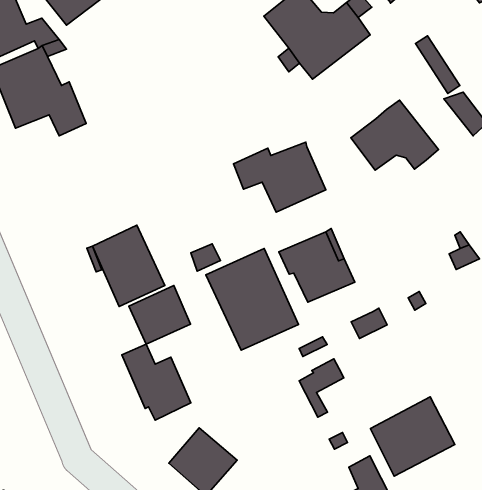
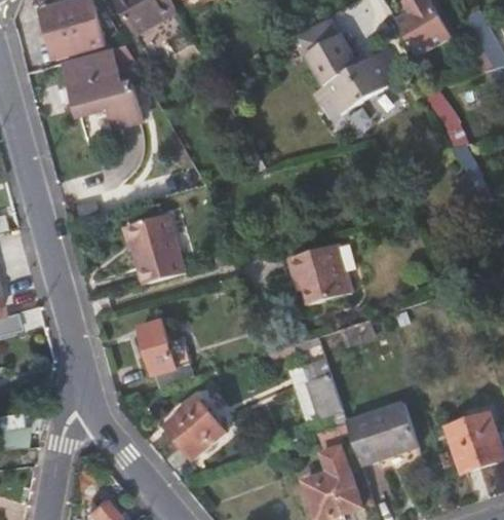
building: [351,100,438,170] -> none
building: [233,142,326,212] -> none
building: [206,248,299,350] -> none
building: [129,285,191,344] -> none
building: none -> [302,374,344,429]

